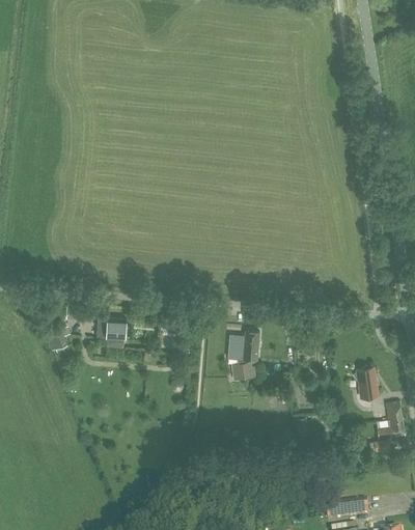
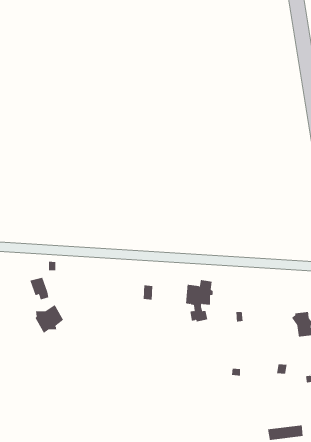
building: [96,317,126,347] -> none
building: none -> [35,304,64,334]

